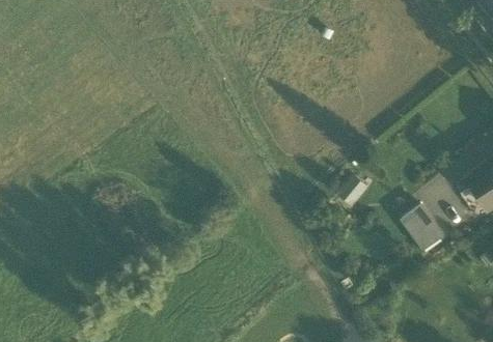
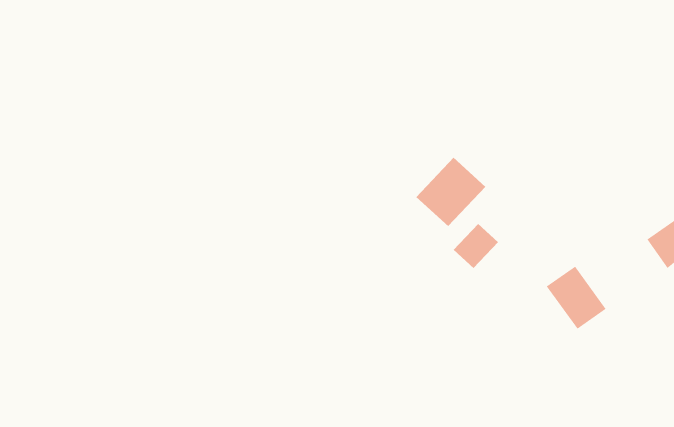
building: none -> [416,157,486,227]

